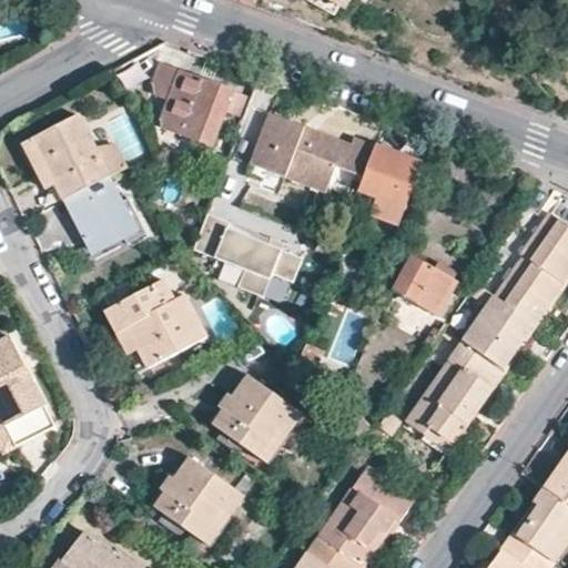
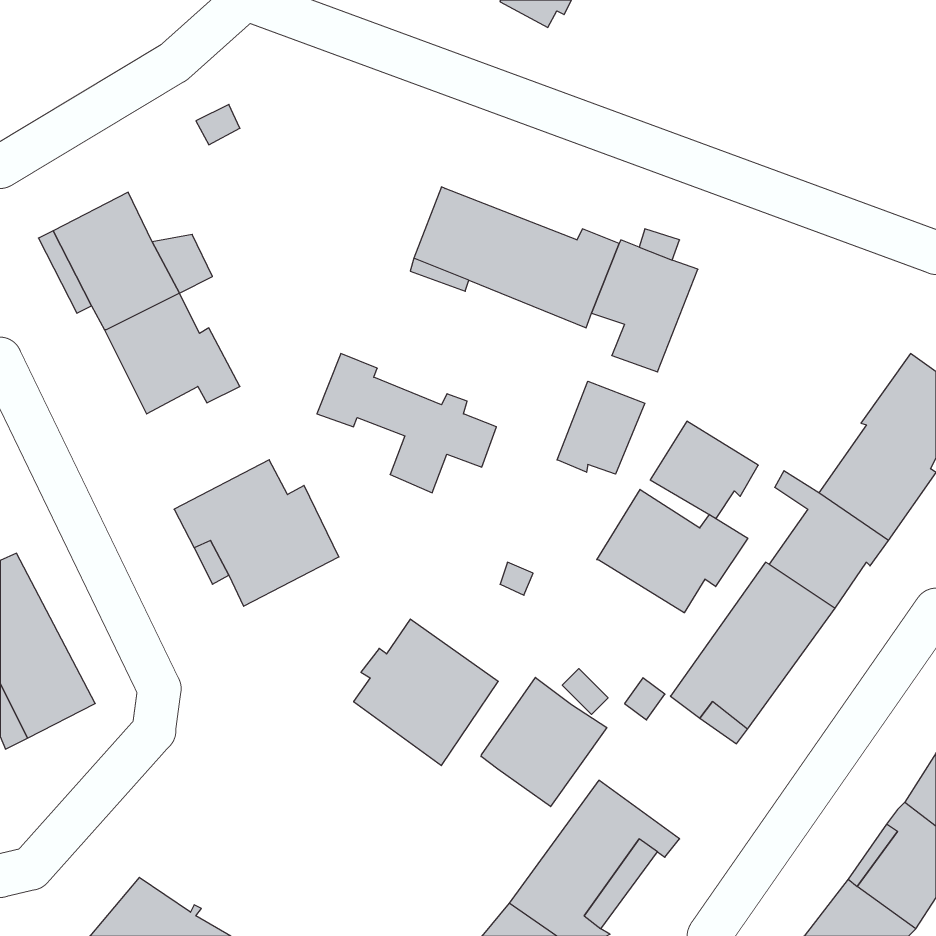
building: [151,63,244,145] -> none
building: none -> [557,381,645,474]
building: none -> [597,489,748,613]
building: none -> [481,677,607,807]
building: [154,457,244,546] -> none

